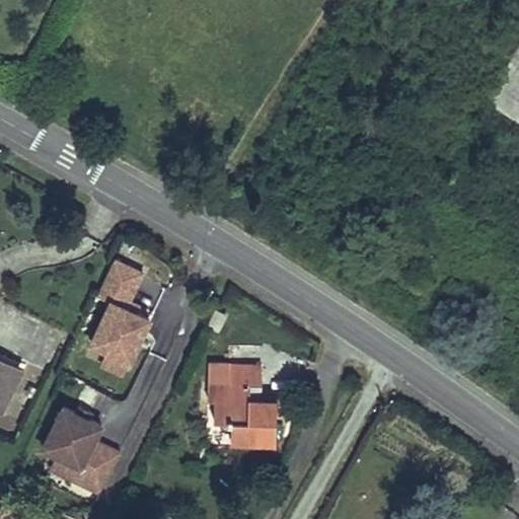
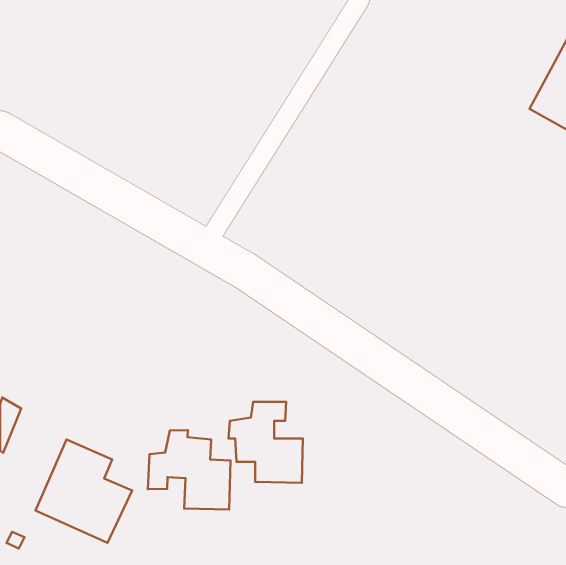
building: [78,257,150,373] -> none
building: none -> [148,430,230,510]

